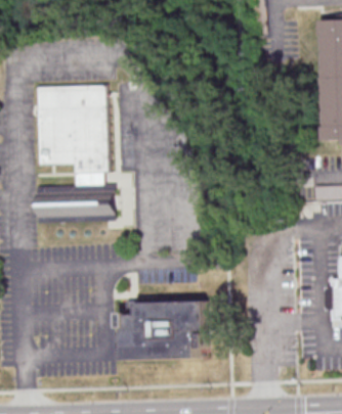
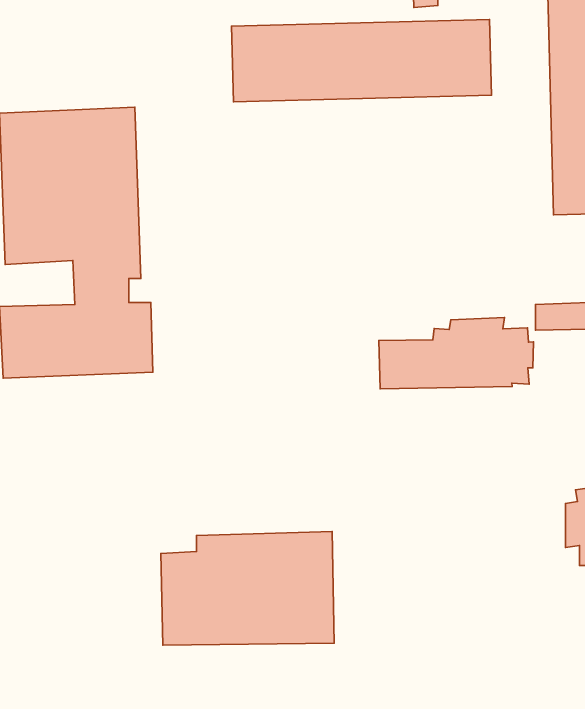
building: none -> [232,19,491,102]
building: none -> [379,317,533,389]

